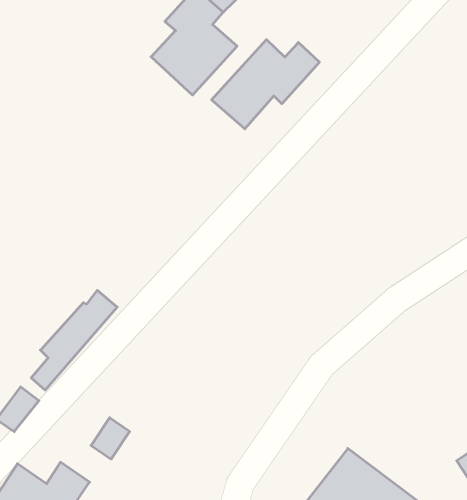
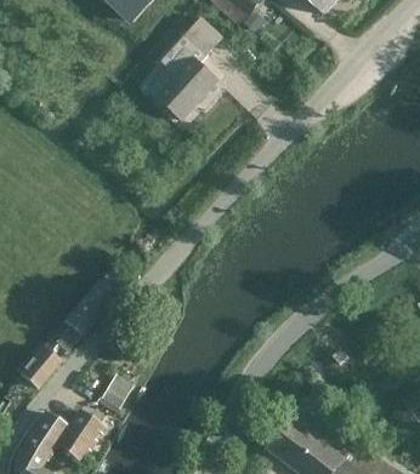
building: [212,40,319,129] -> none

